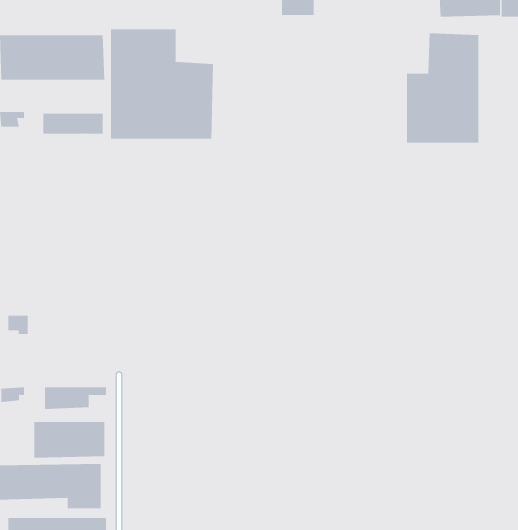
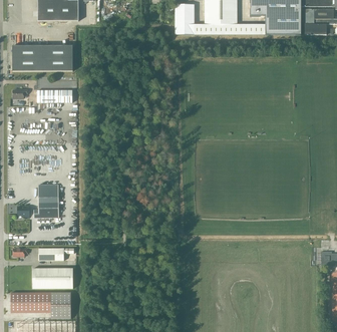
building: [110,29,214,140] -> none
building: [406,33,479,144] -> none
building: none -> [33,184,59,217]

